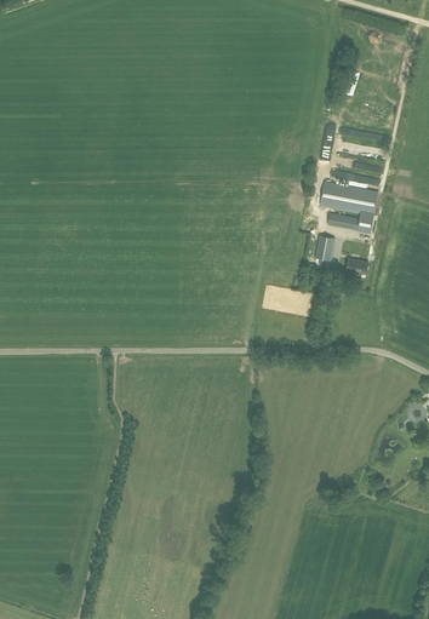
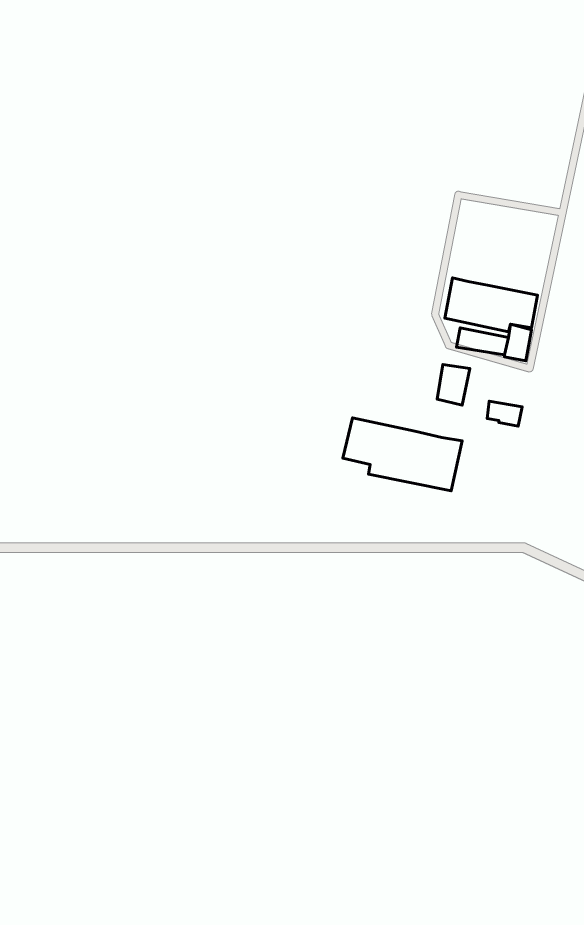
building: none -> [343,418,462,491]

